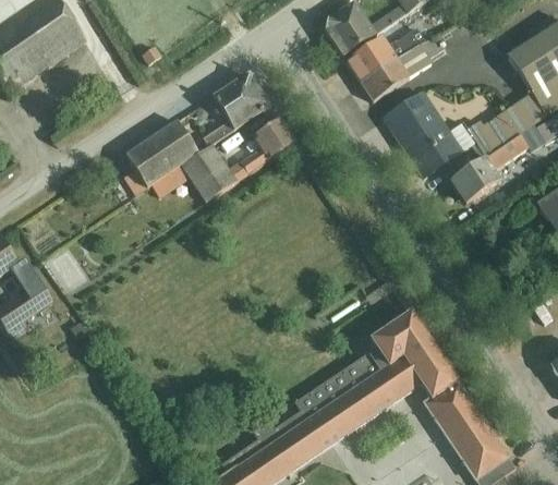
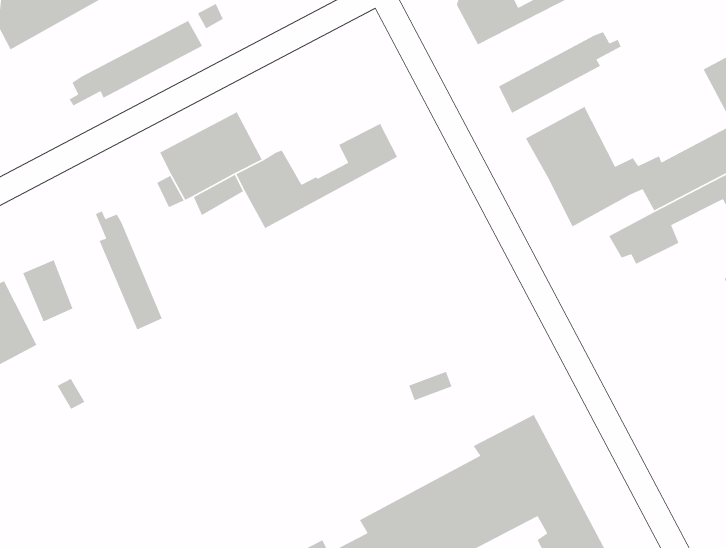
building: [345,27,425,83] -> none
building: none -> [69,20,203,107]
building: [203,74,270,146] -> none
building: none -> [95,210,163,330]

